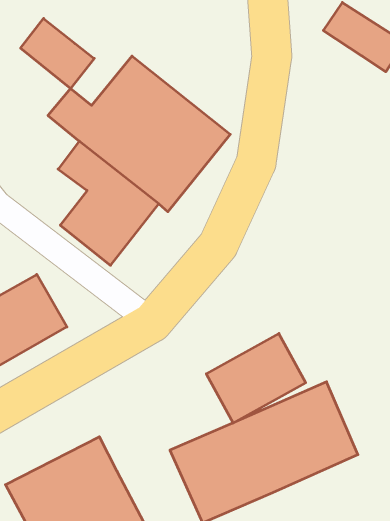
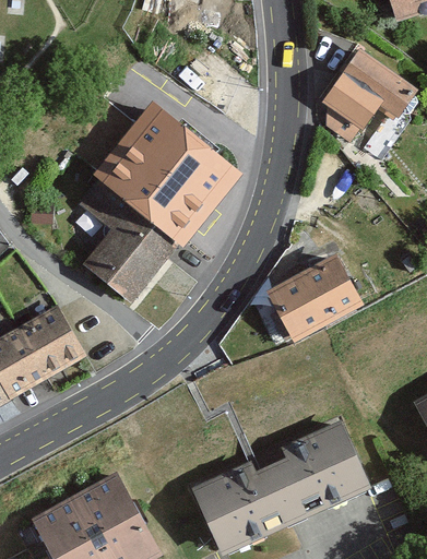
building: [21,18,94,89] -> none
building: none -> [320,74,376,126]
building: [206,333,306,423] -> [262,248,359,335]

